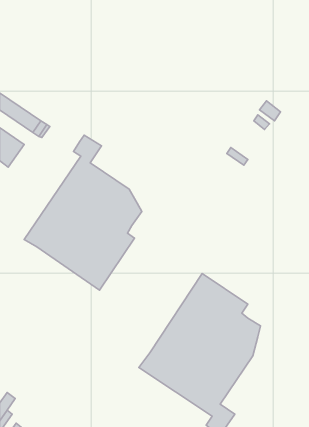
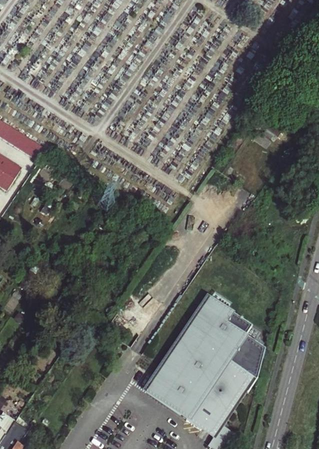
building: [24,135,142,290] -> none

